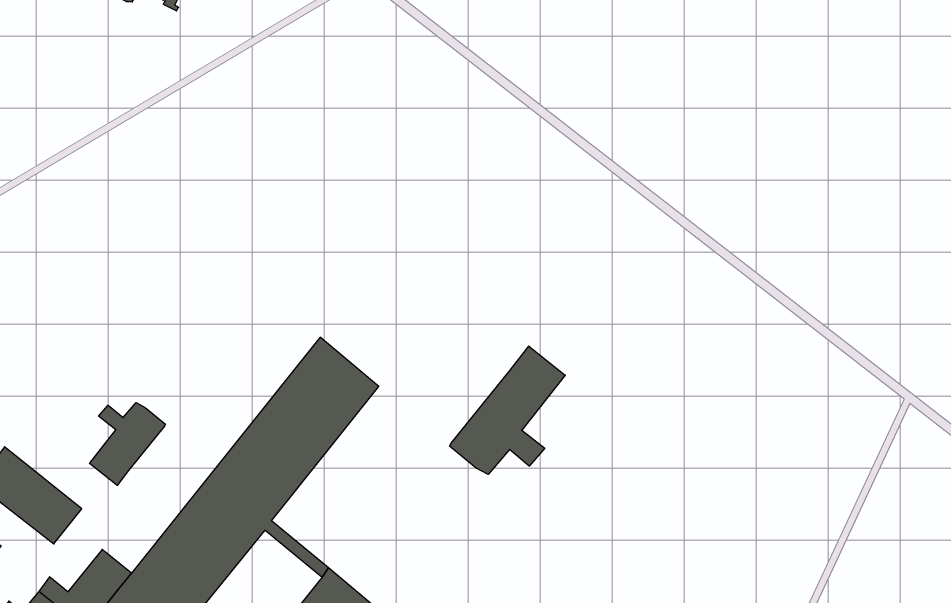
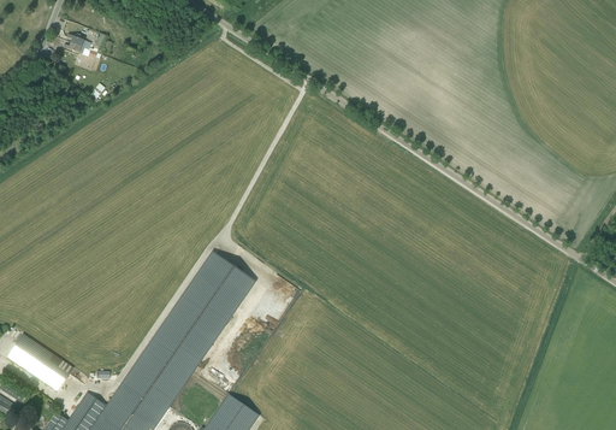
building: [450,346,565,474] -> none
building: [90,403,165,485] -> none

